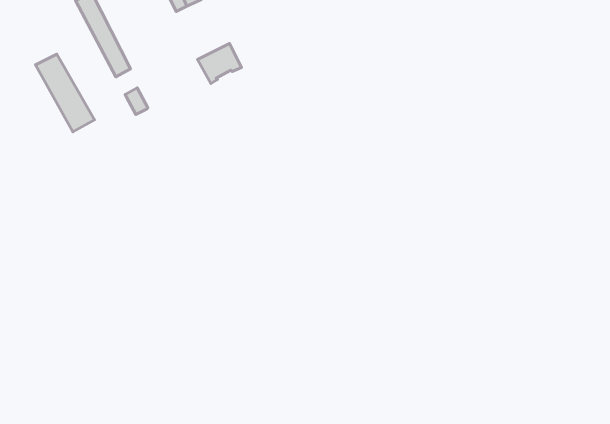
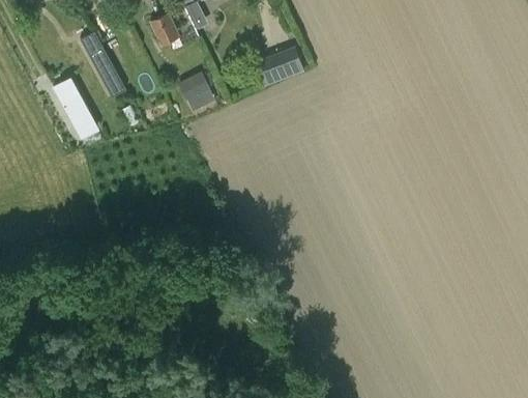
building: none -> [257,48,304,86]

